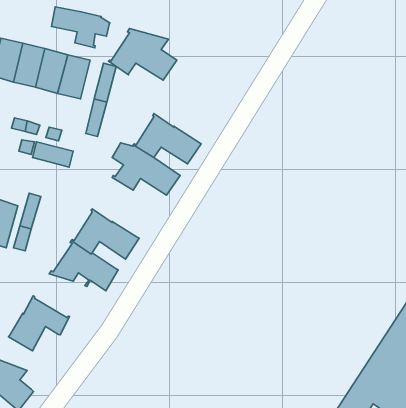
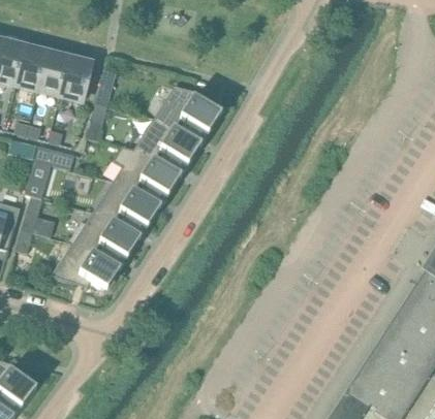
building: [52,7,110,48] -> none
building: [109,29,177,80] -> [154,85,221,135]
building: none -> [26,160,51,194]
building: none -> [93,180,160,229]
building: [8,296,70,351] -> none

